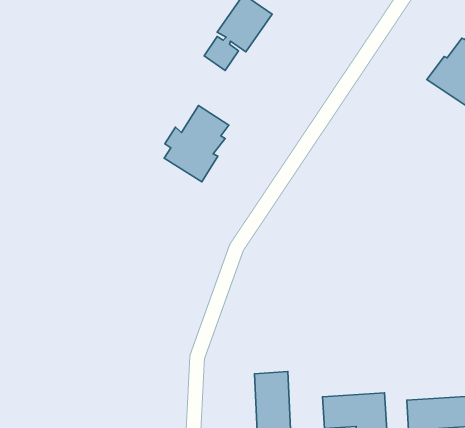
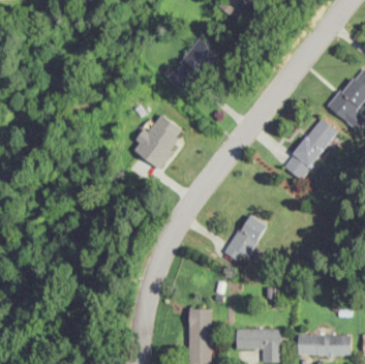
building: none -> [282,117,339,180]
building: none -> [222,213,268,265]

